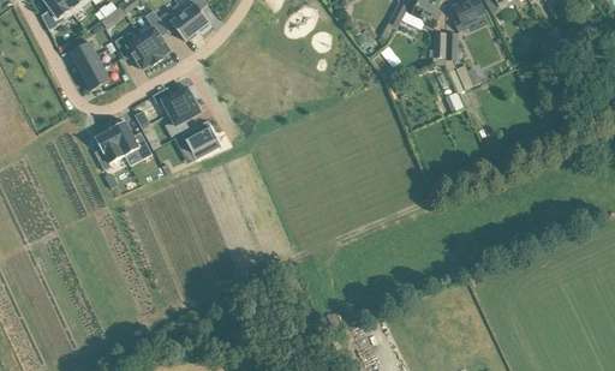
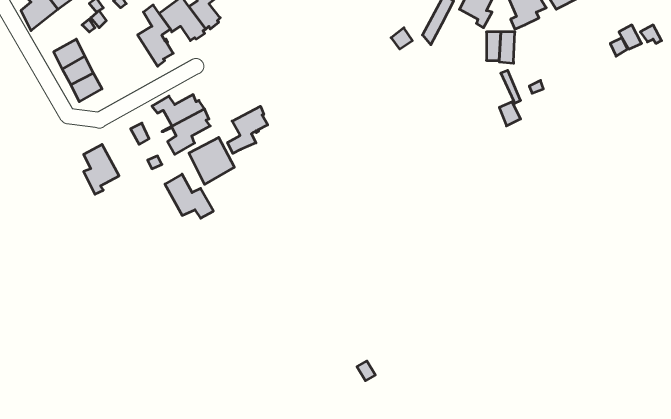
building: [113,35,156,68] -> none
building: none -> [228,106,268,153]
building: [109,119,150,156] -> [165,174,213,218]

